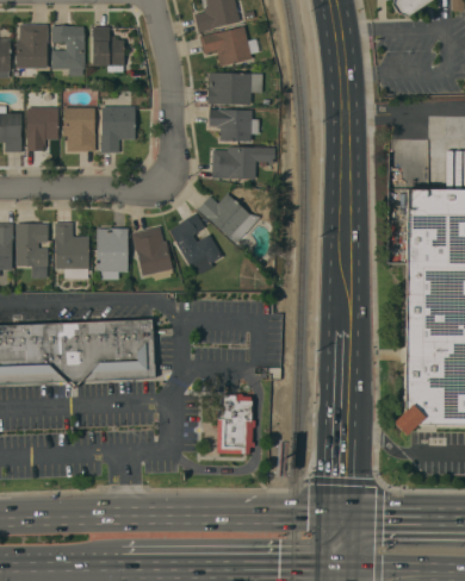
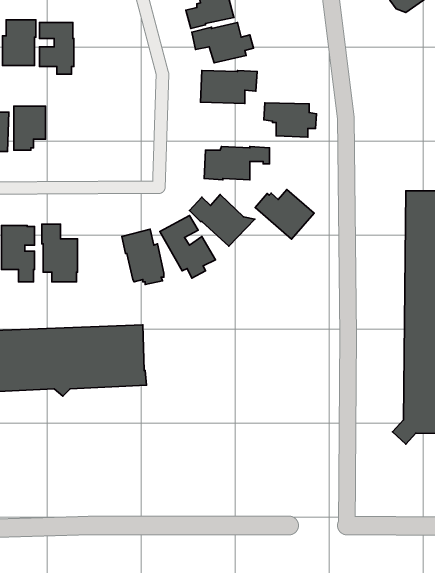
building: [93,26,124,71] -> none
building: [101,106,135,152] -> none
building: [63,107,97,151] -> none
building: [209,108,260,142] -> [264,103,317,137]
building: none -> [255,189,314,239]
building: [97,227,129,279] -> none
building: [217,393,255,454] -> none

